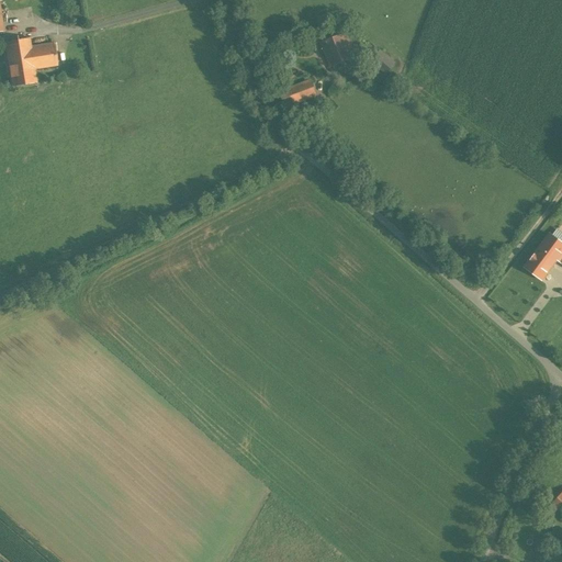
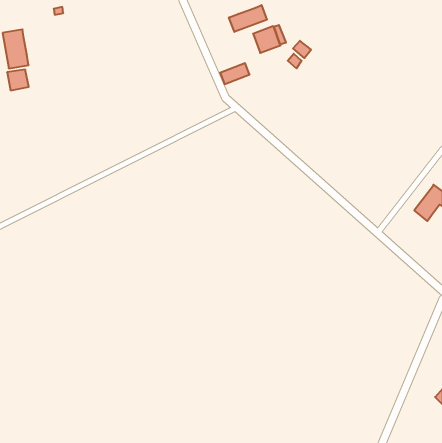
building: none -> [229,5,267,32]
building: [31,43,58,69] -> [7,70,29,90]

